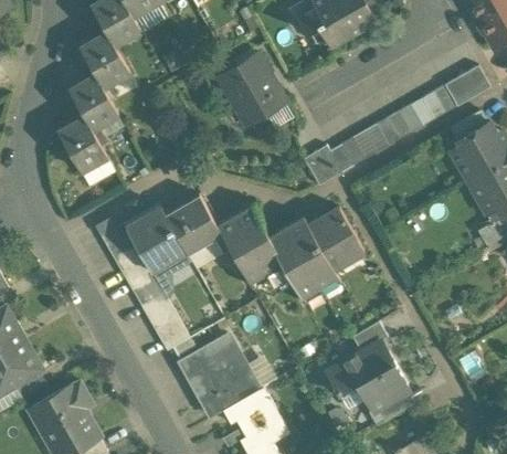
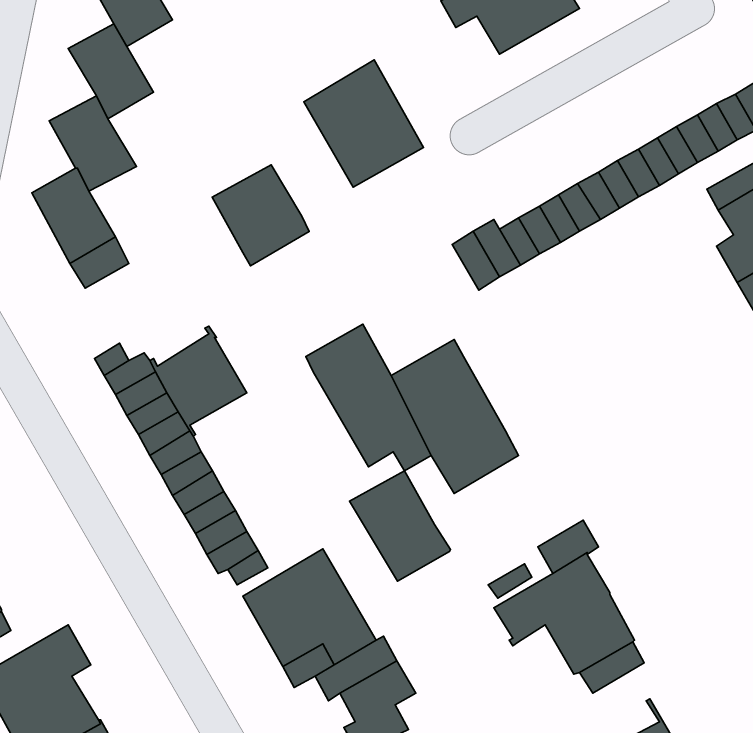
building: [166,194,222,253] -> [212,165,309,266]
building: [309,205,365,267] -> none
building: none -> [350,471,451,581]

